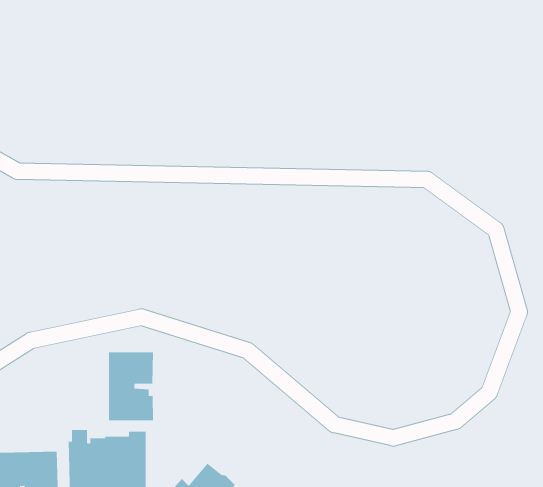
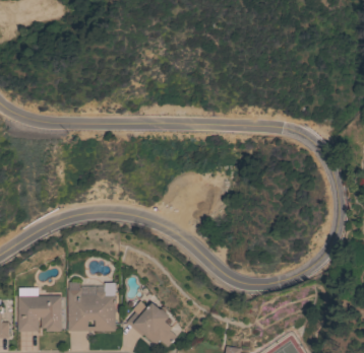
building: [108,351,154,421] -> none

